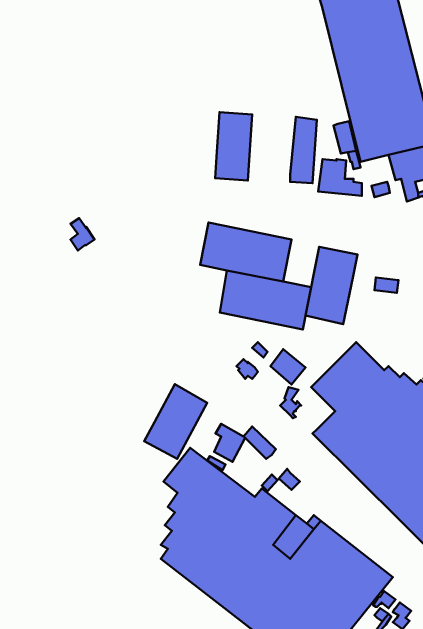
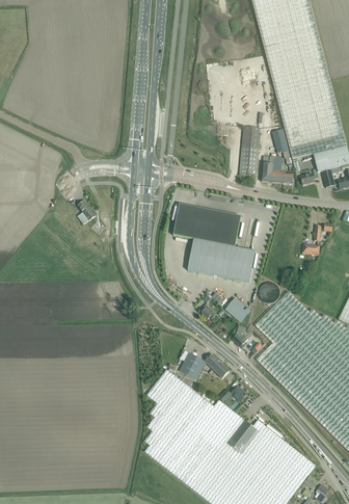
building: [215,112,252,181] -> none
building: [306,247,357,324] -> none
building: [144,384,207,459] -> none

